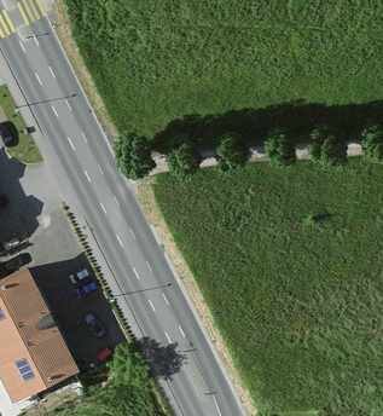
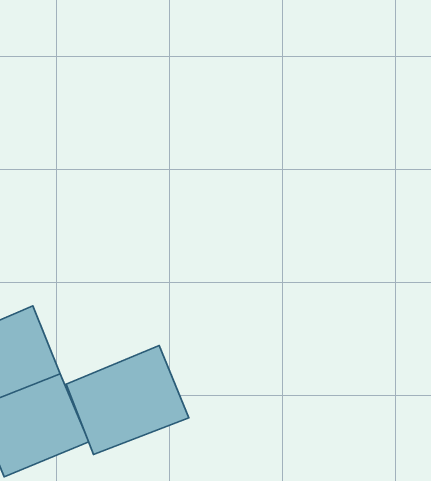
building: none -> [66,345,189,454]

